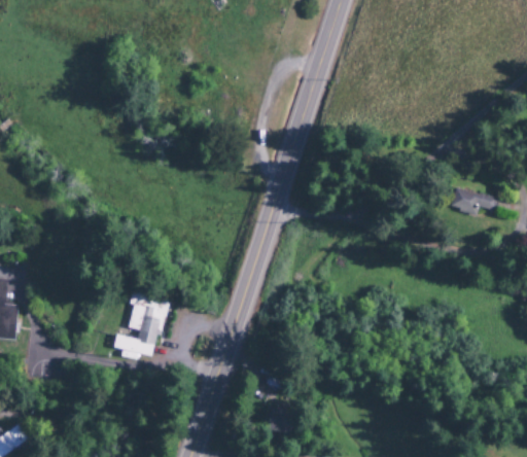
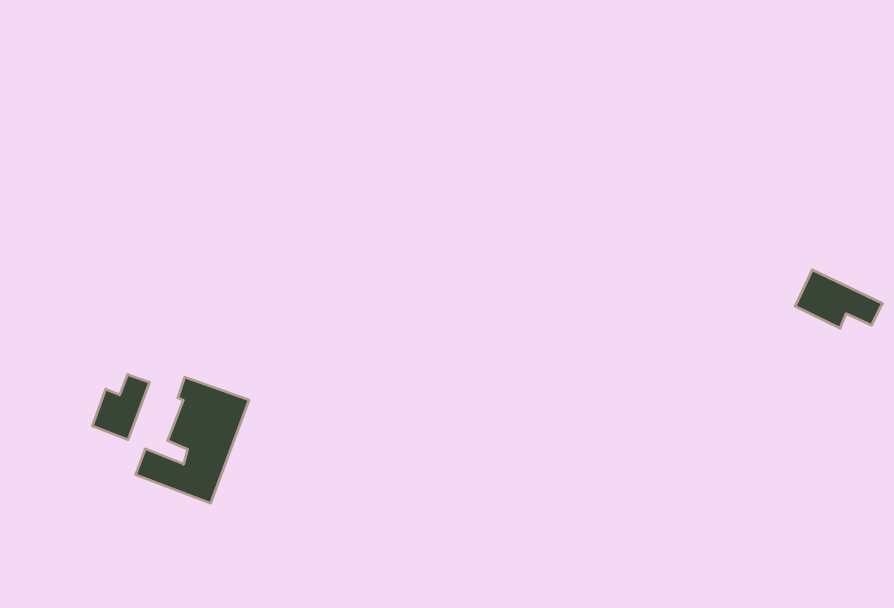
building: none -> [93,374,149,440]

